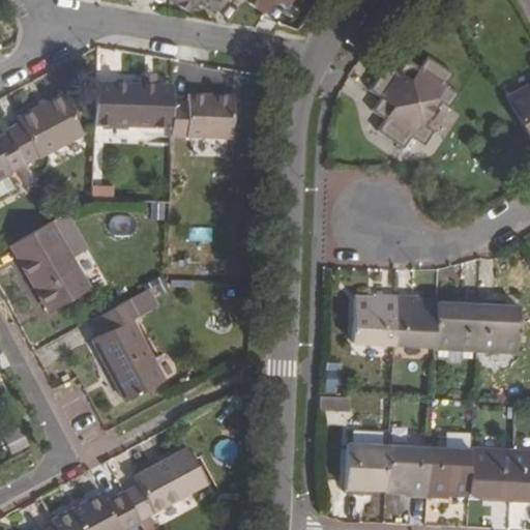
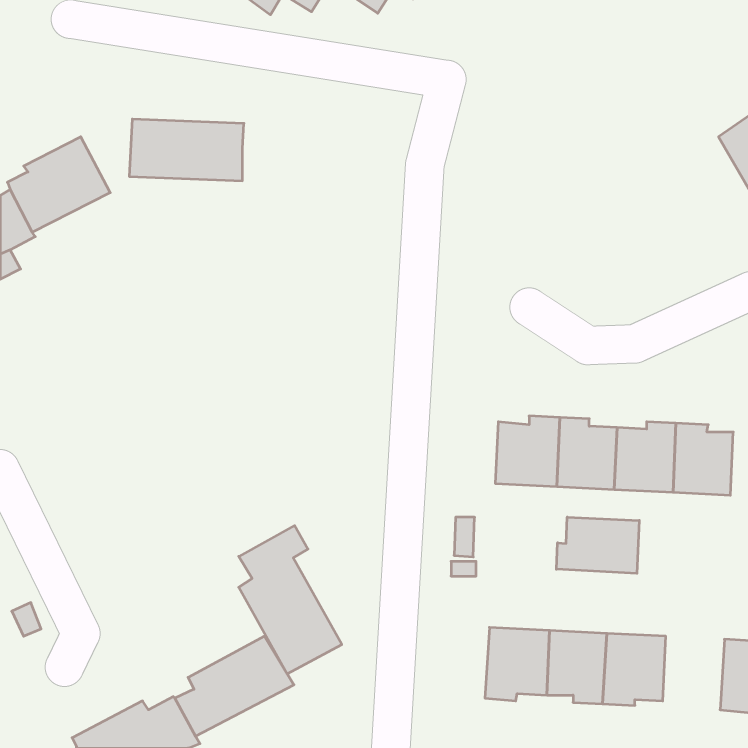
building: [373,49,462,140] -> none
building: [172,97,233,141] -> none
building: [13,223,89,312] -> none
building: [95,298,168,403] -> [239,526,342,674]
building: none -> [556,517,639,573]
building: [469,448,512,500] -> none

